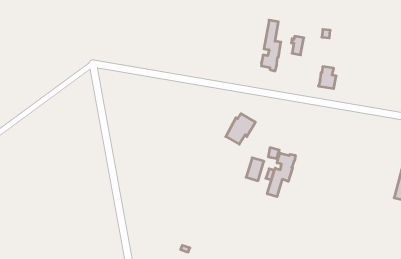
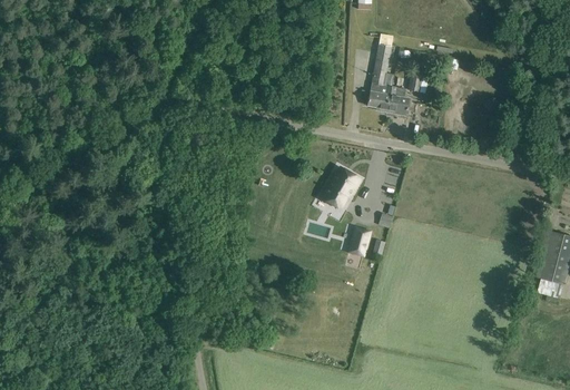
building: [318,67,336,89] -> [385,87,409,116]
building: [267,153,295,197] -> none

